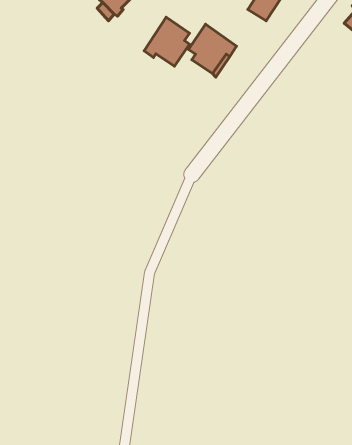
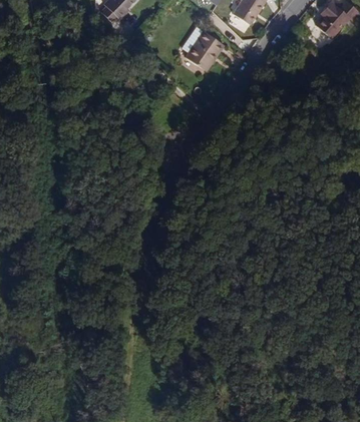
building: [144,17,190,66] -> none

